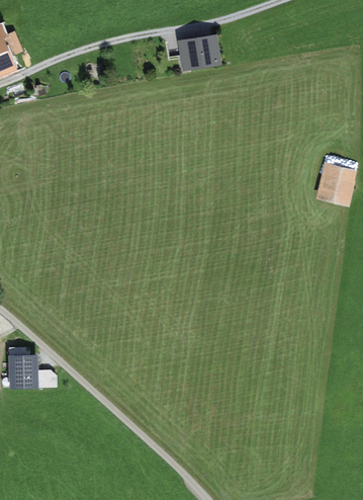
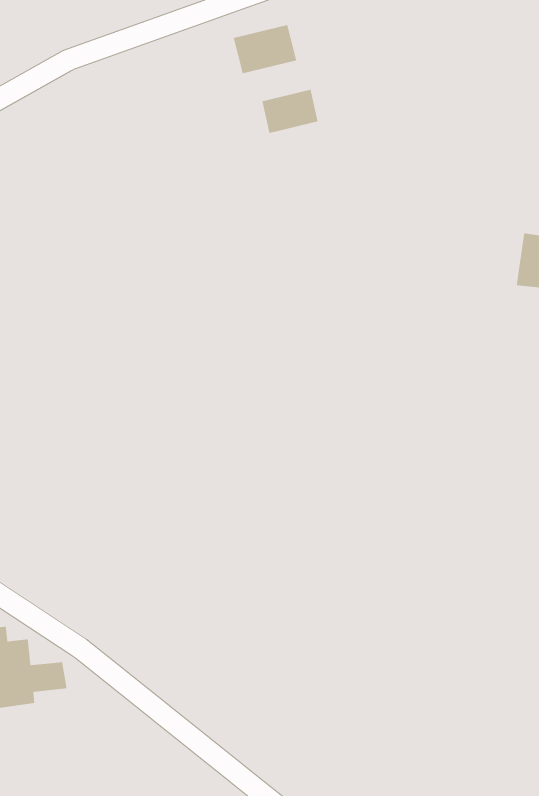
building: none -> [262,89,319,134]

